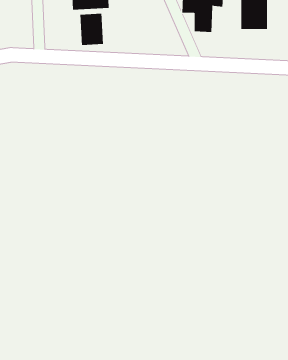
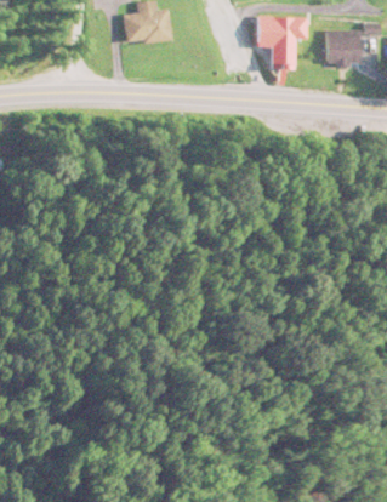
building: [80,13,103,46] -> none

